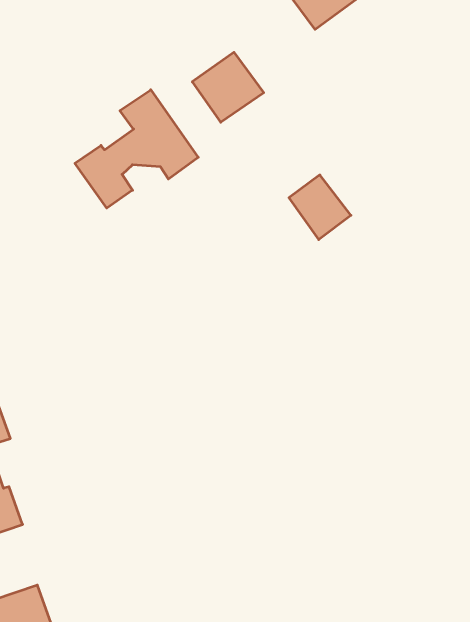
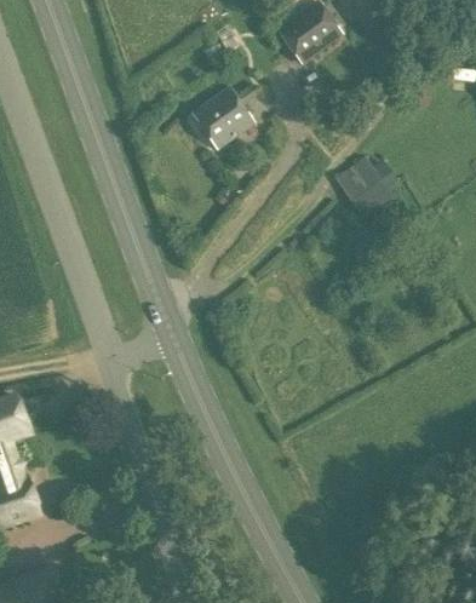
building: [75,90,198,208] -> none
building: [289,175,351,240] -> [337,159,392,217]

